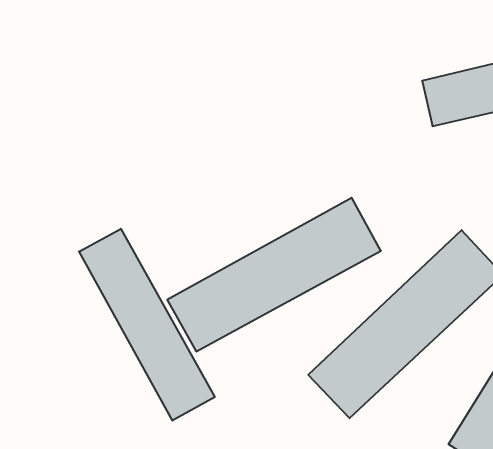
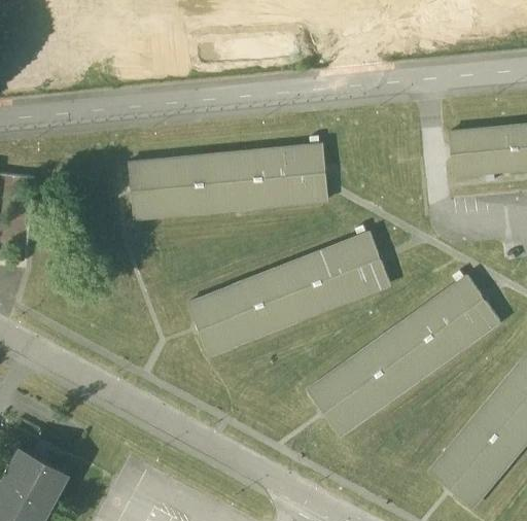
building: none -> [128,144,329,218]
building: [79,229,215,421] -> none

